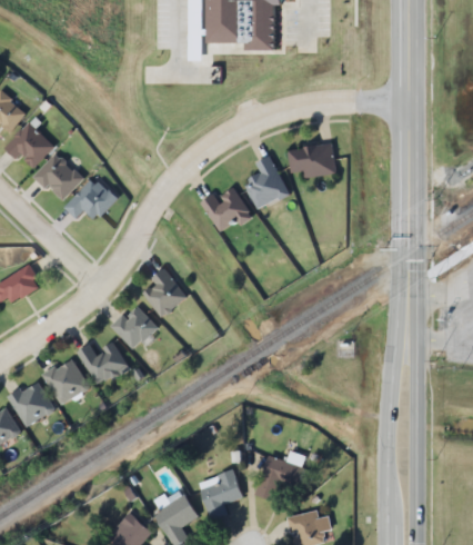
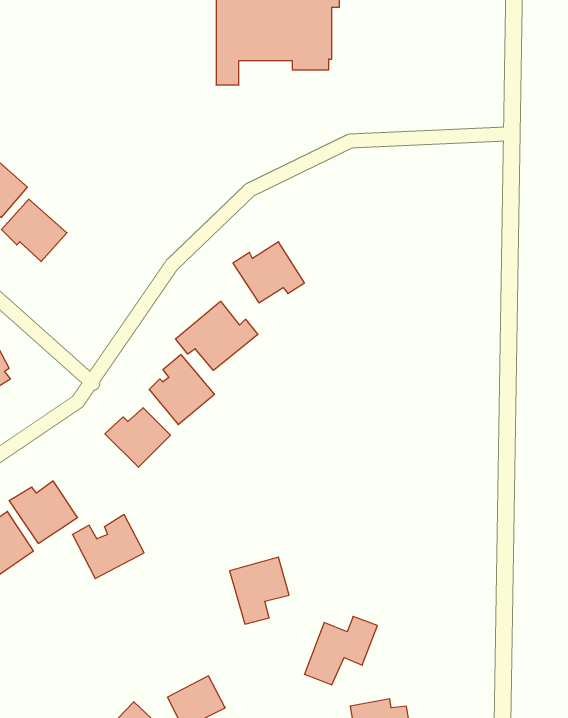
building: [286,139,338,177] -> none
building: [242,153,292,207] -> none
building: [63,177,119,220] -> none
building: none -> [175,301,258,370]
building: [78,336,130,383] -> [72,515,144,579]
building: [199,477,242,526] -> [230,557,289,624]

